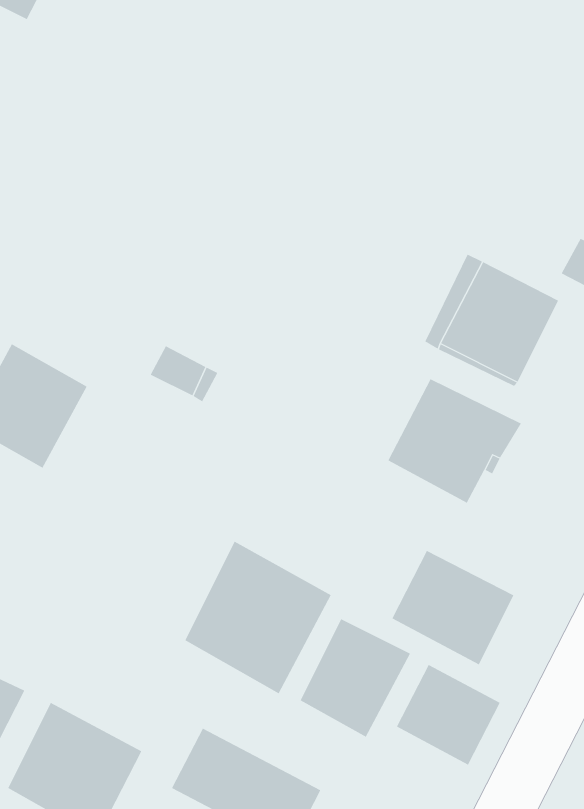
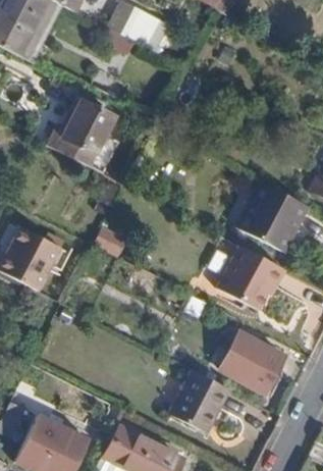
building: none -> [56,102,110,165]
building: [185,541,332,694] -> none
building: [396,664,501,765] -> none

